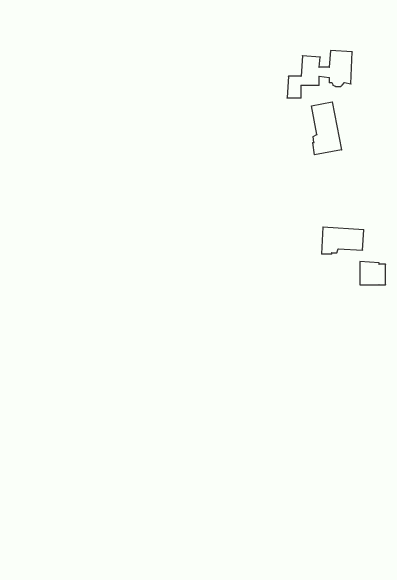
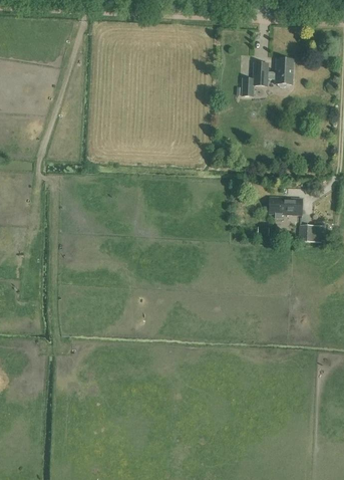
building: [312,102,342,155] -> none

